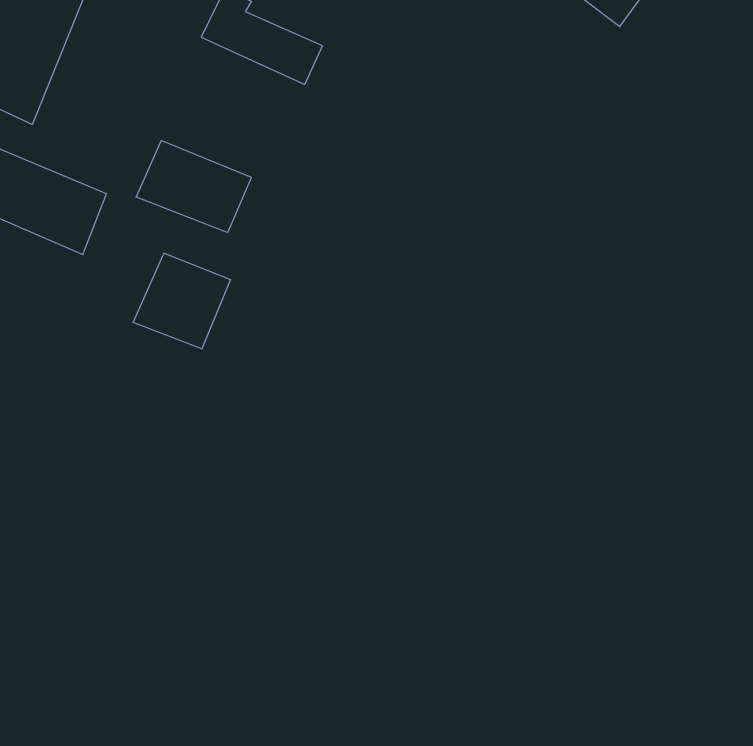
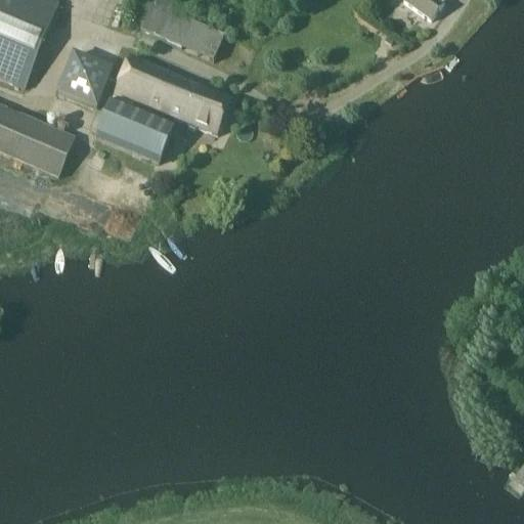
building: none -> [56,50,111,105]
building: none -> [112,53,231,134]
building: [133,253,230,349] -> none

